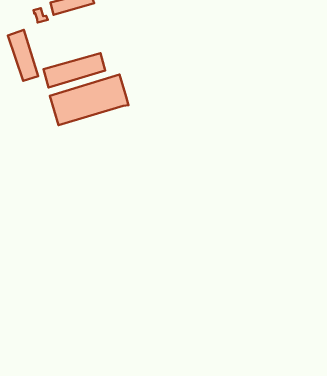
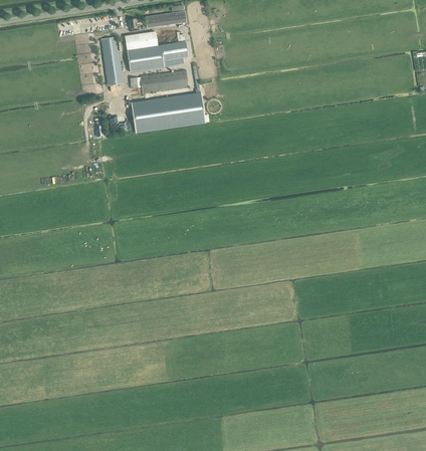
building: none -> [125,32,188,73]

